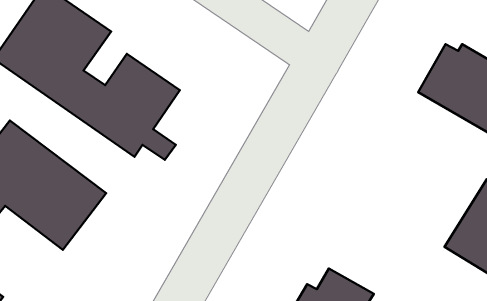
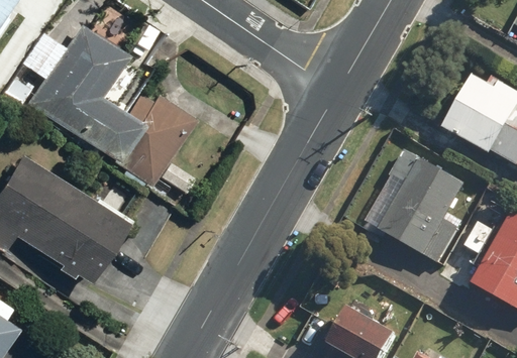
building: none -> [366,143,470,262]

